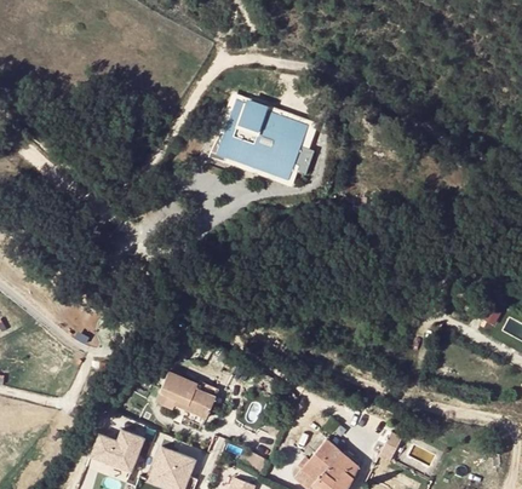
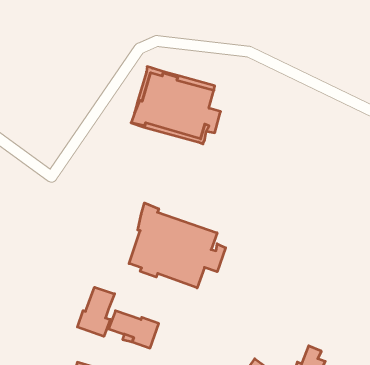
building: none -> [129,203,226,288]
building: none -> [77,287,115,336]

